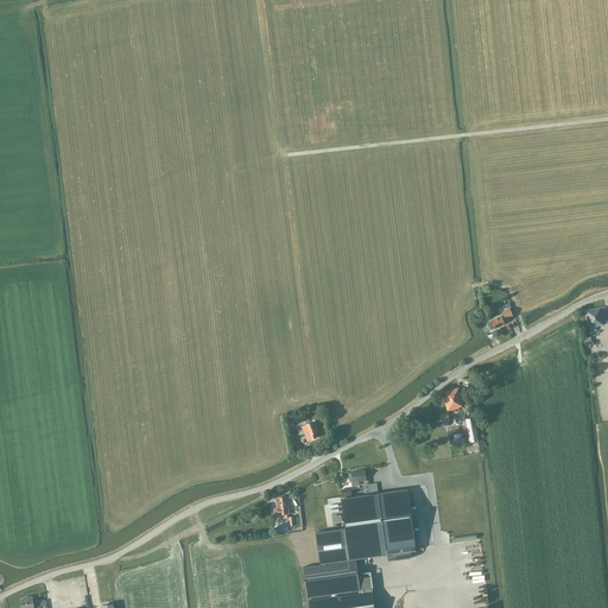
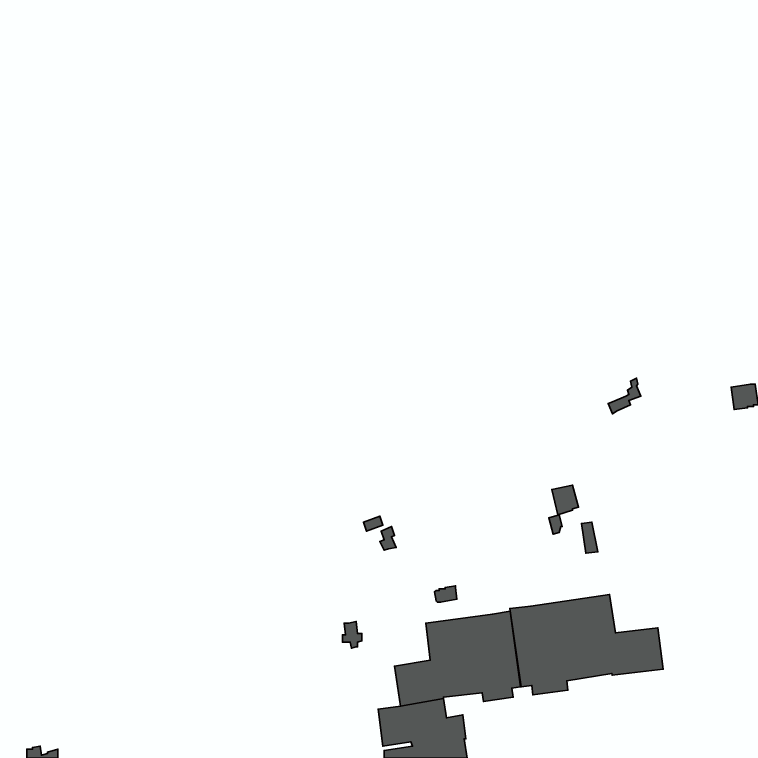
building: none -> [510,595,663,695]

